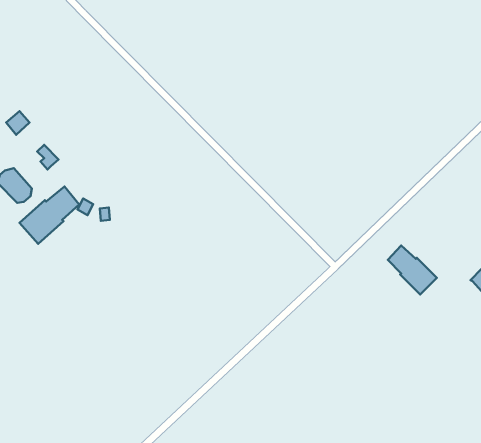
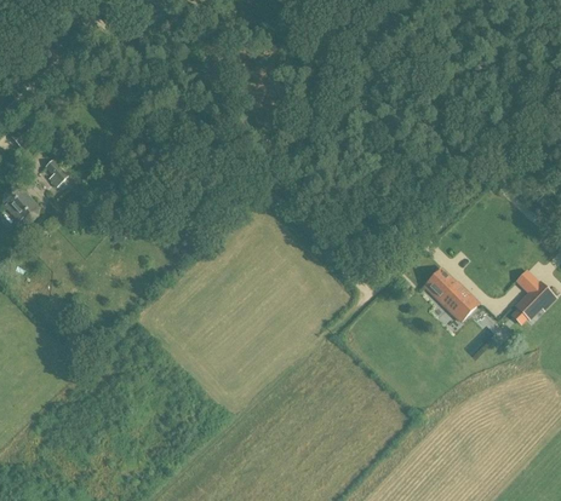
building: [19,186,79,244] -> none

